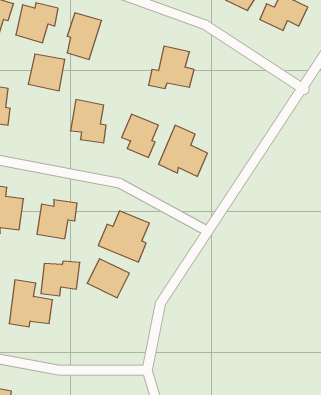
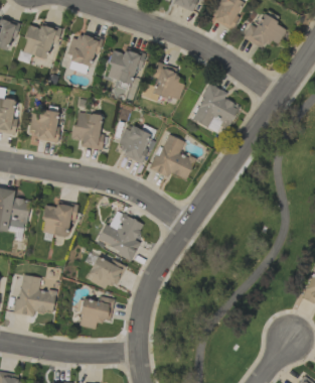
building: none -> [107,48,145,85]
building: [28,54,65,91] -> [27,109,60,142]
building: none -> [191,84,240,132]
building: [41,261,80,296] -> [78,297,114,329]

